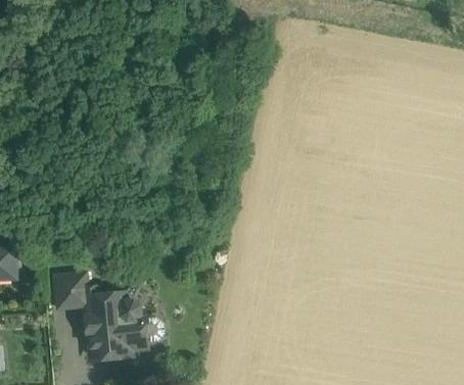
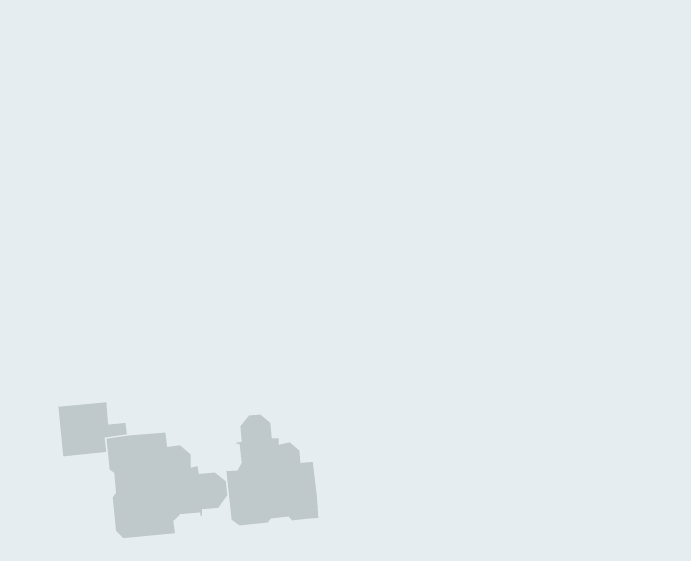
building: none -> [226,414,319,526]

